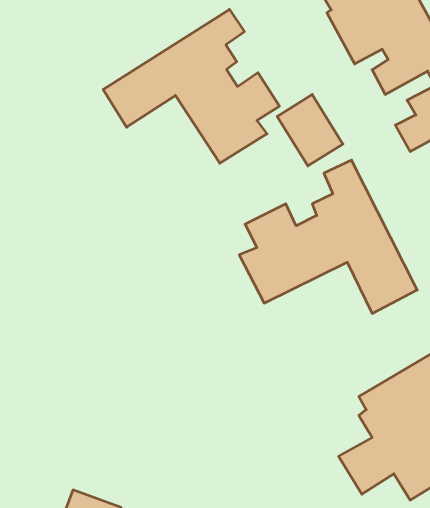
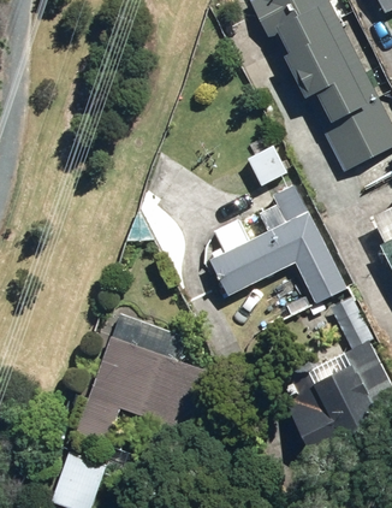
building: [103,9,279,163] -> none
building: none -> [72,308,209,445]

